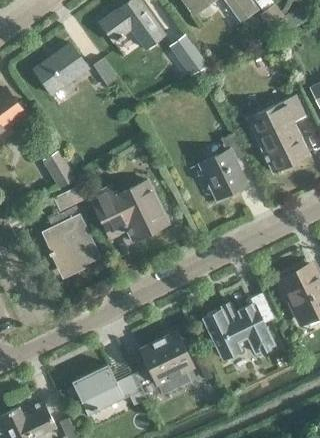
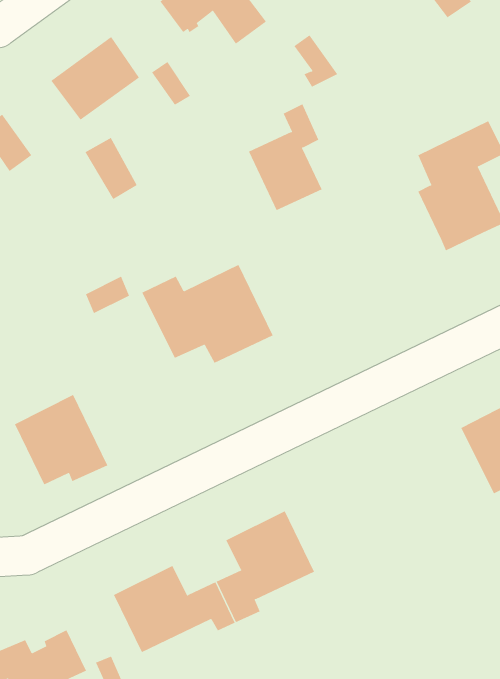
building: [200,135,245,200] -> [248,103,323,211]
building: [42,150,74,188] -> [85,137,138,200]
building: [42,214,99,269] -> [14,394,108,485]
building: [201,303,274,370] -> none

